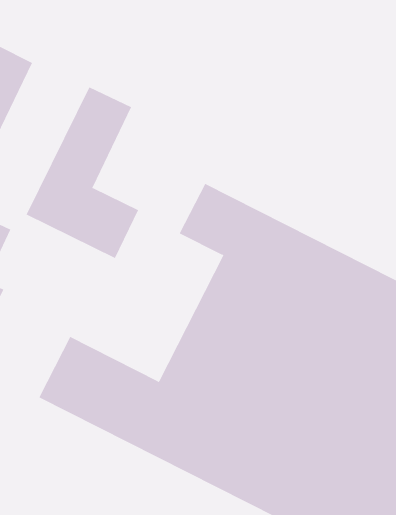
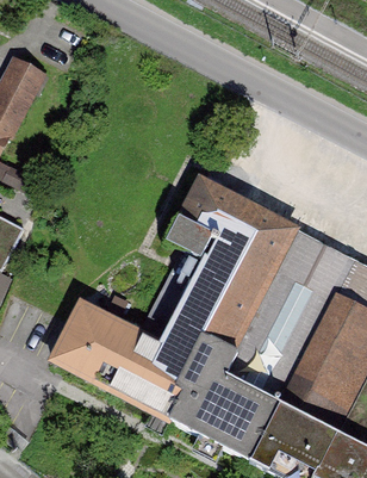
building: [26,86,139,259] -> none

